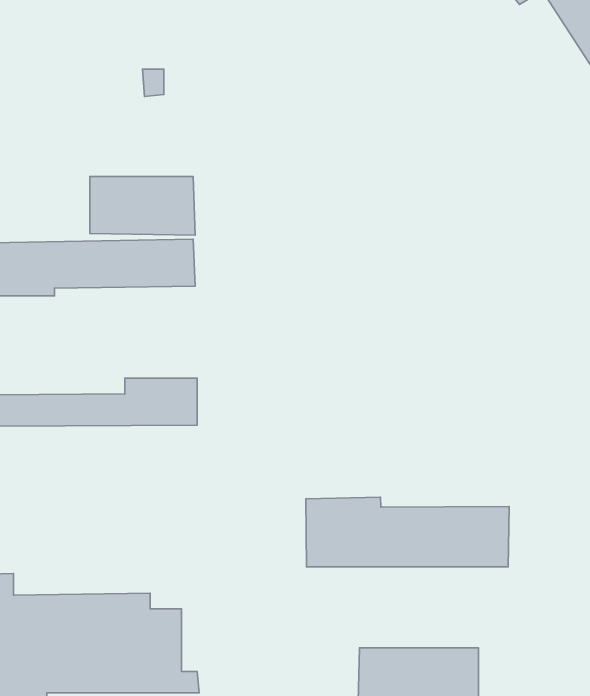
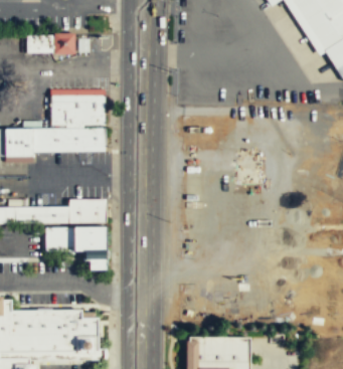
building: none -> [25,35,74,54]
building: none -> [44,226,107,269]
building: [306,497,509,567] -> none

